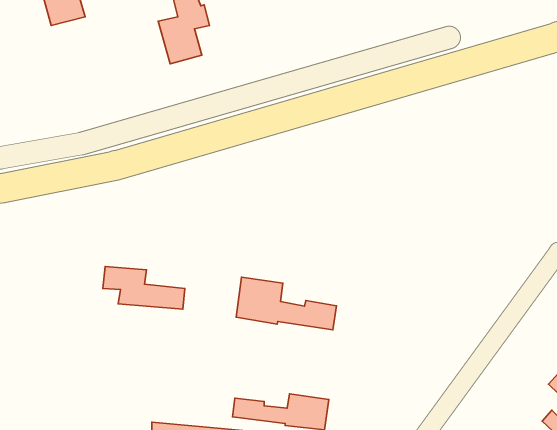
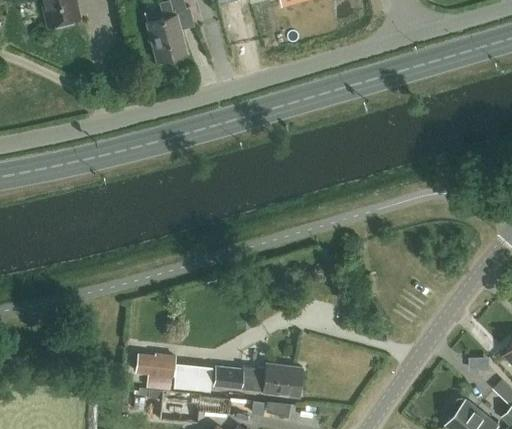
building: [103,267,185,309] -> [136,353,211,392]
building: [236,277,336,330] -> none

